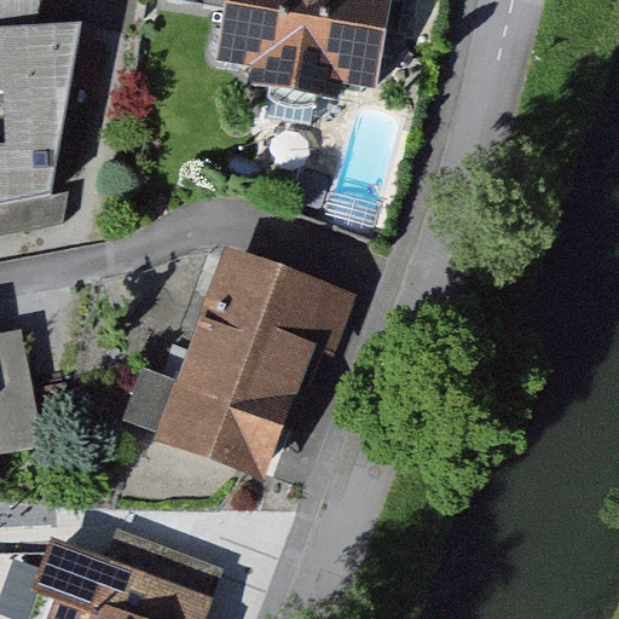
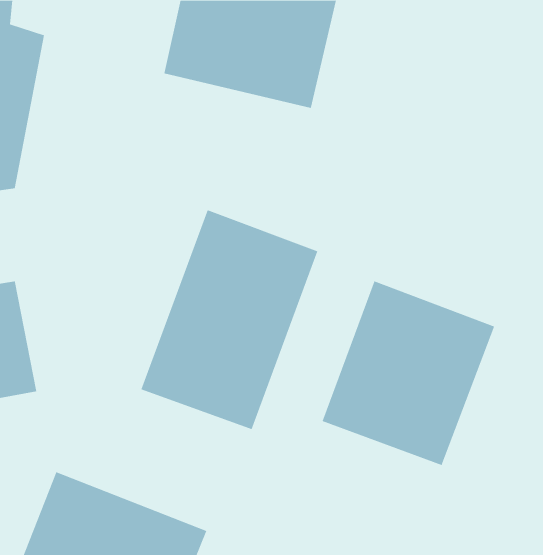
building: none -> [322,280,495,466]

